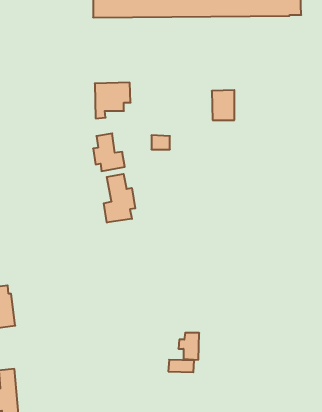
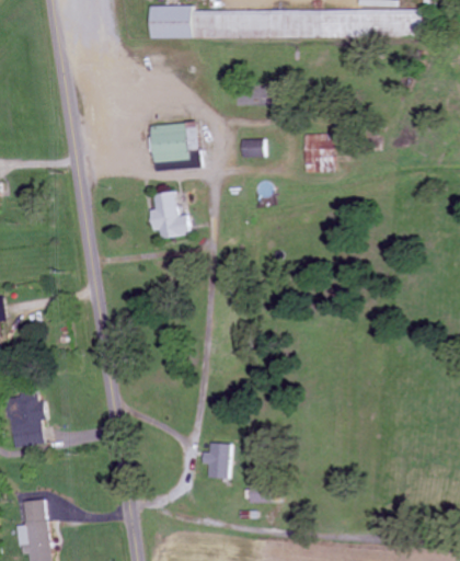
building: [151,135,170,149] -> [242,138,266,157]
building: [104,174,135,223] -> none
building: [178,333,199,360] -> [202,443,229,478]

